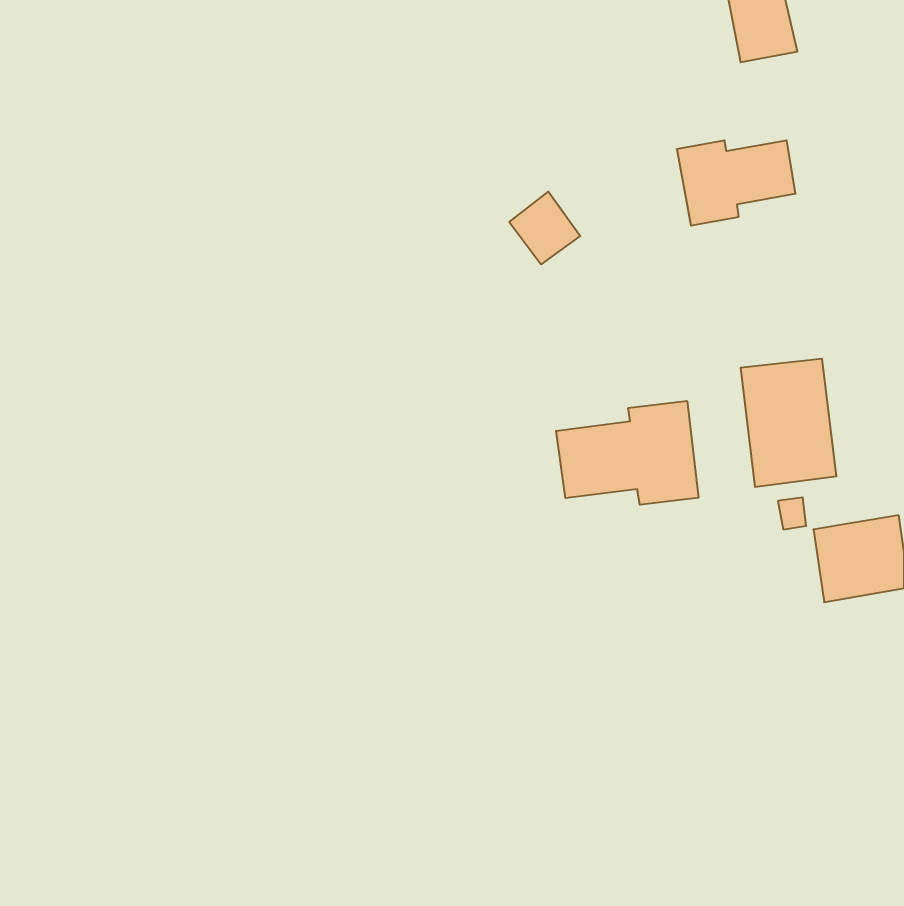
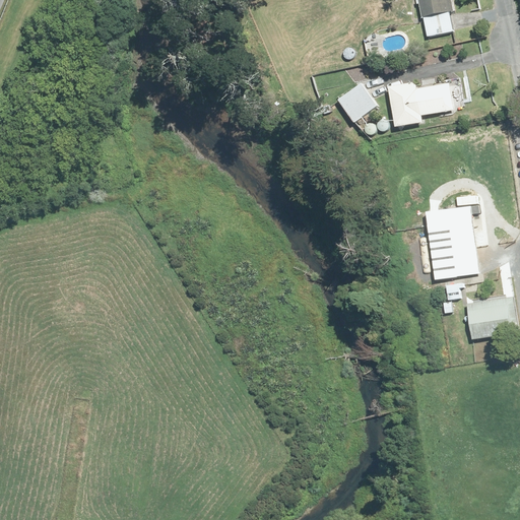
building: [509,192,580,264] -> [336,79,377,121]
building: [556,401,699,505] -> none

